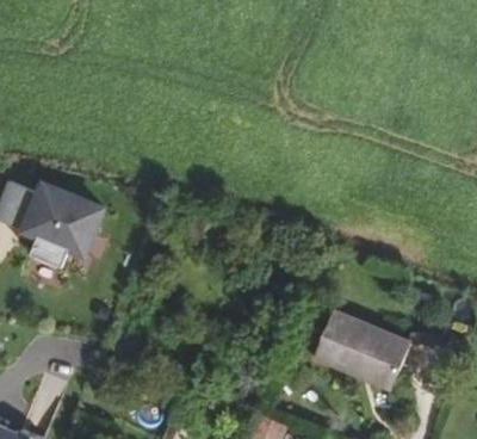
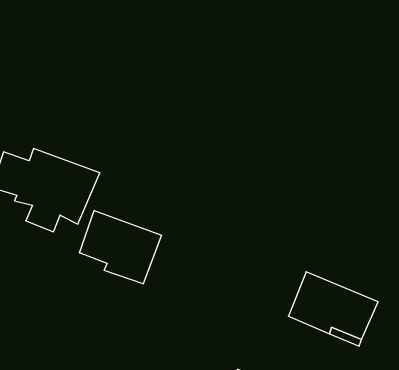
building: none -> [80,210,161,284]

